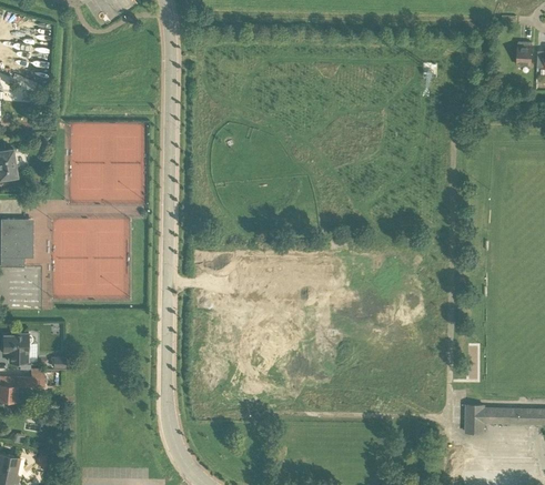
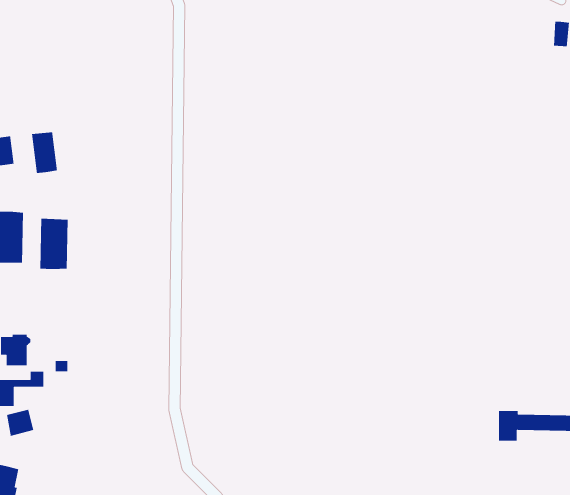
building: none -> [31,131,58,174]
building: none -> [39,218,69,270]
building: none -> [6,409,34,437]

